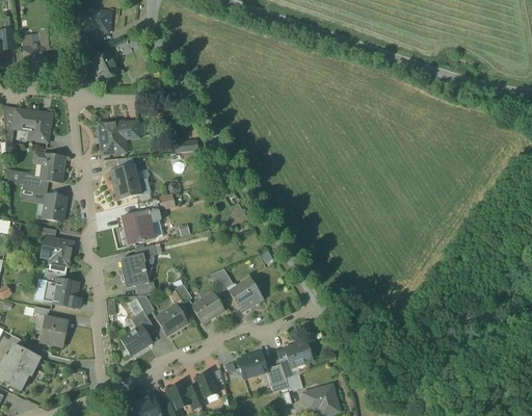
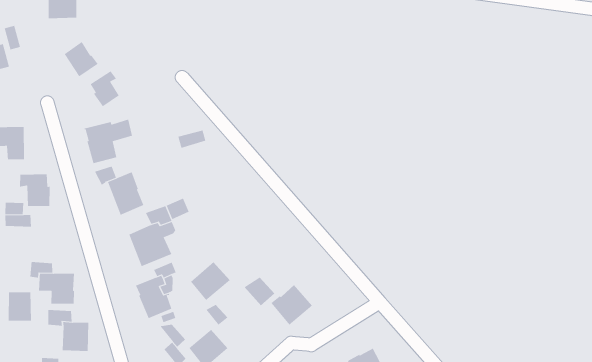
building: none -> [90,70,120,107]
building: [43,193,65,220] -> [8,292,32,321]
building: [191,291,224,322] -> [190,261,231,301]

